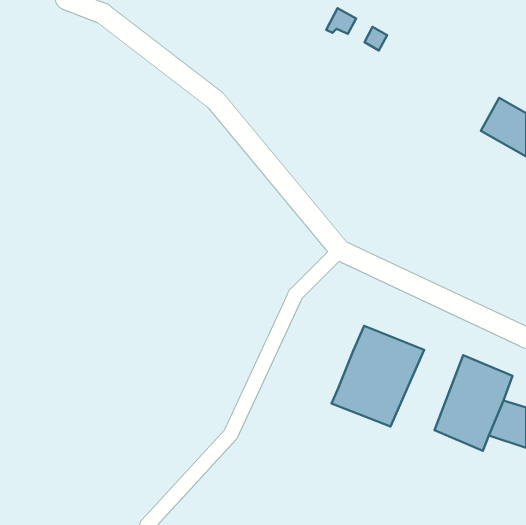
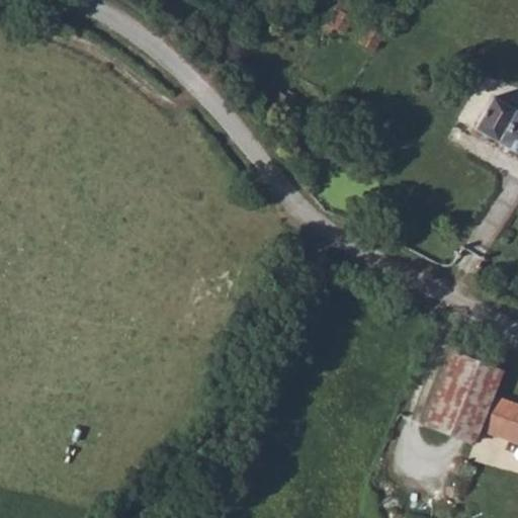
building: [332,326,424,427] -> none

